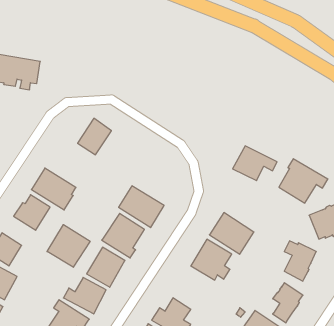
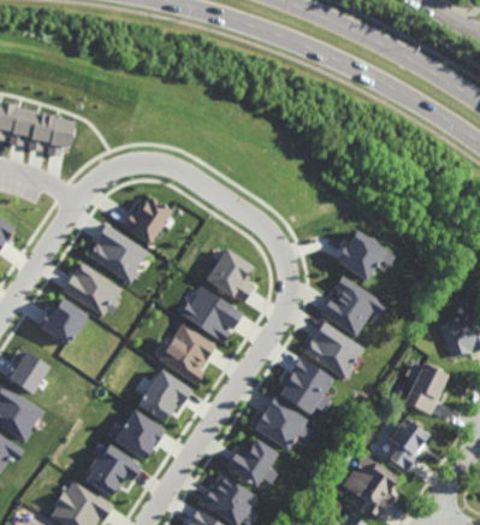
building: none -> [87,225,148,281]
building: none -> [205,248,254,303]
building: [279,159,328,203] -> [320,276,386,336]
building: [47,225,90,267] -> none
building: none -> [254,399,314,449]

